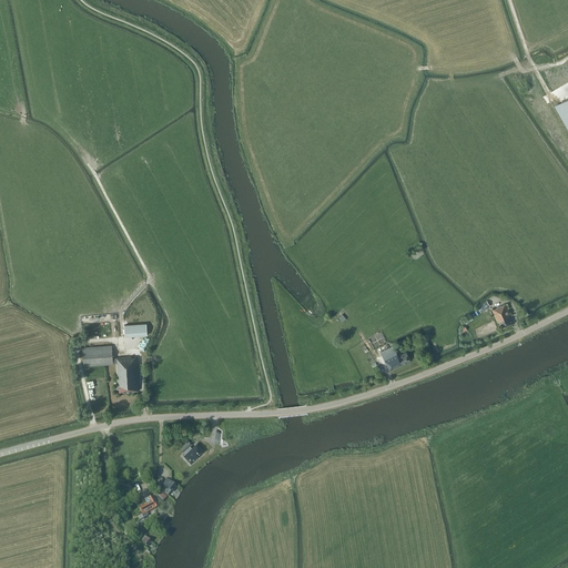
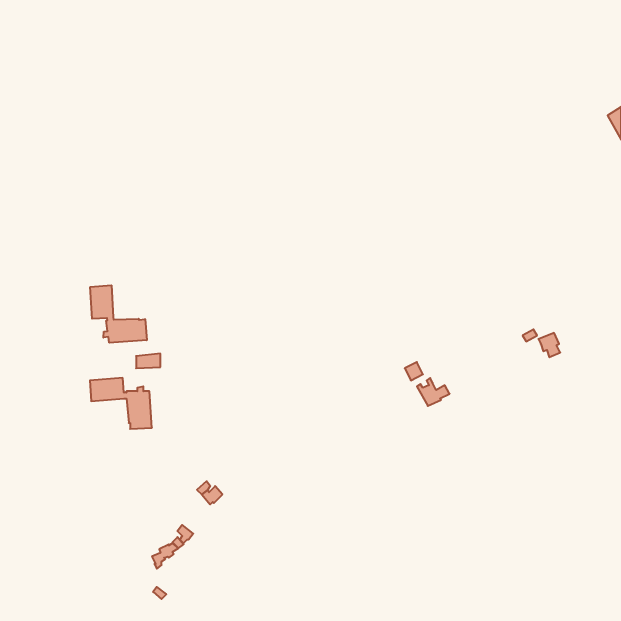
building: none -> [90,285,147,343]

